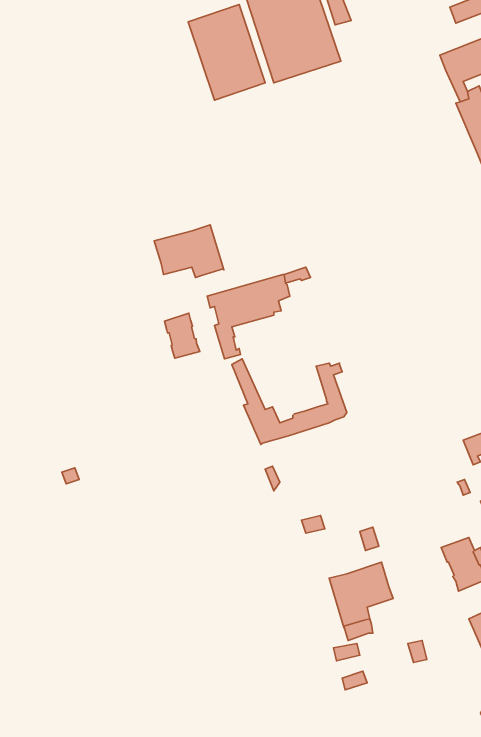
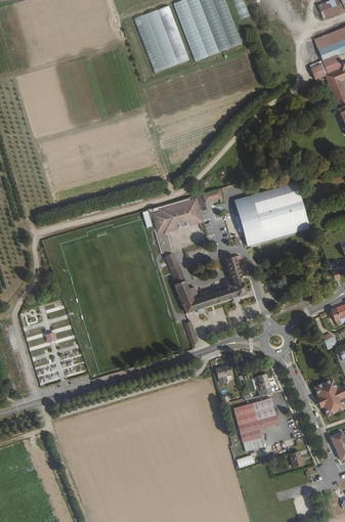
building: [154,225,224,277] -> none
building: none -> [234,182,310,247]
building: [165,313,200,358] -> none

